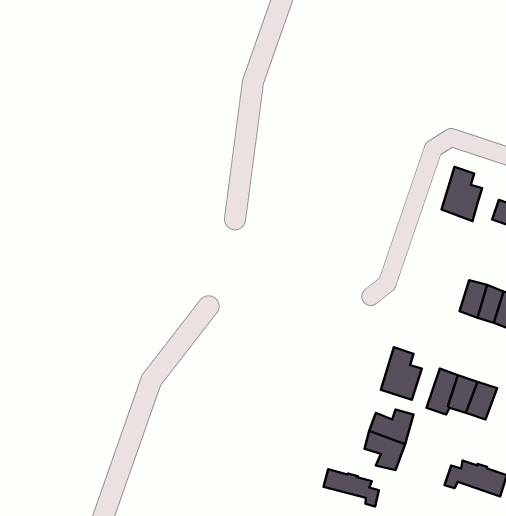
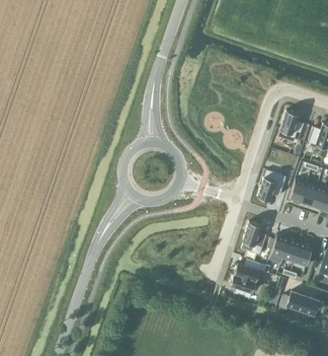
building: none -> [258,169,286,200]
building: [324,469,379,506] -> none

